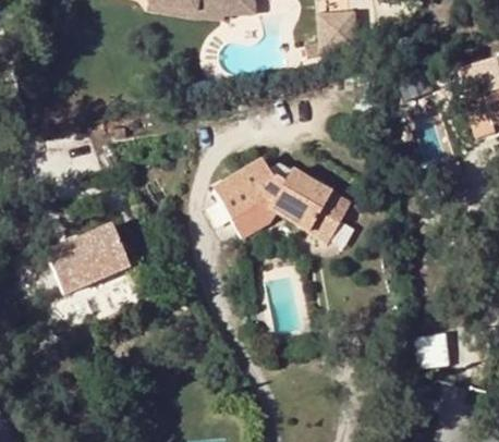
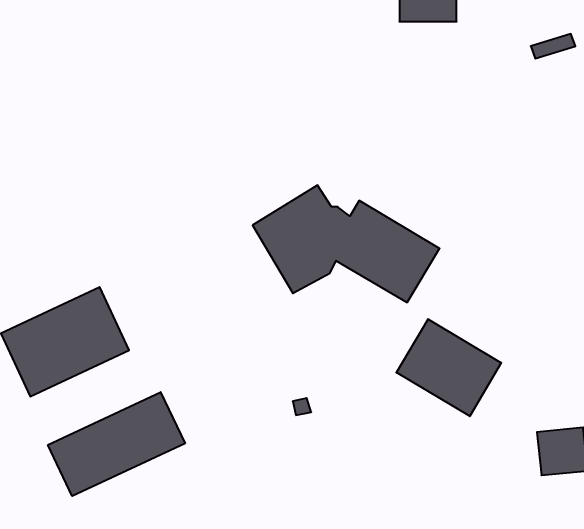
building: none -> [396,319,501,416]
building: none -> [48,392,185,496]

